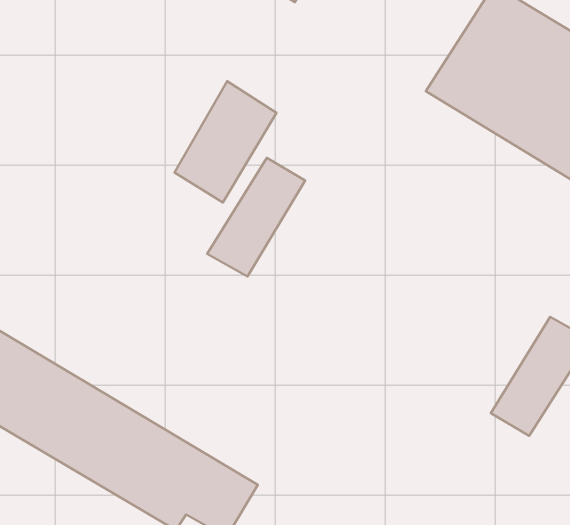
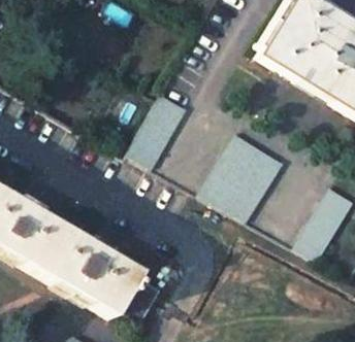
building: [174,81,276,202] -> none
building: none -> [200,136,280,217]

